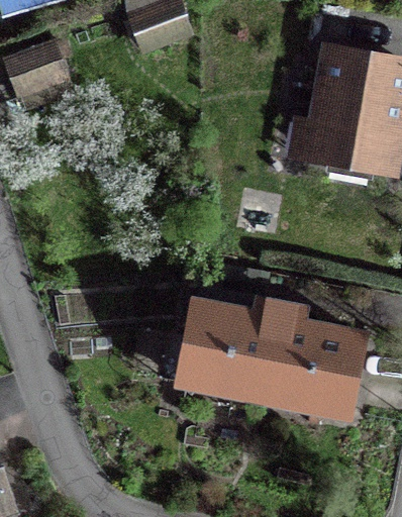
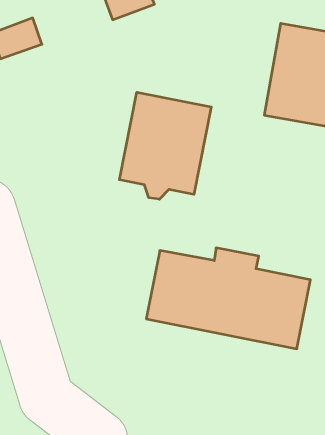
building: none -> [119,92,211,199]

